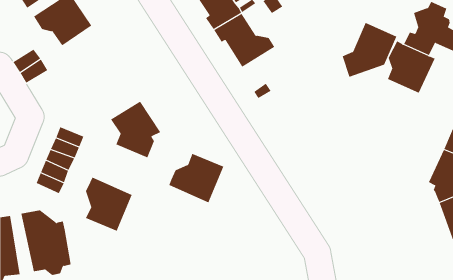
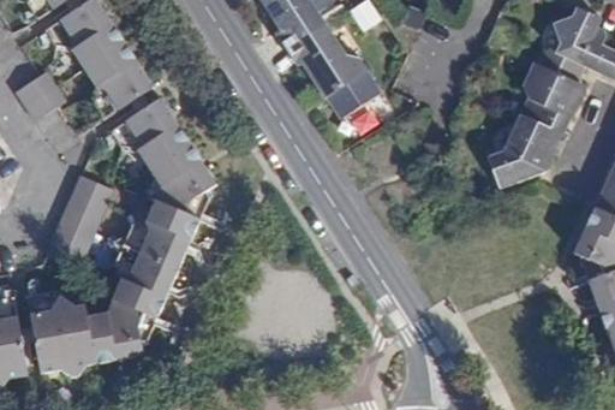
building: [342,22,397,78] -> [488,113,562,188]
building: none -> [83,41,154,119]
building: none -> [324,70,382,119]
building: none -> [109,97,189,167]
building: [169,153,224,203] -> [124,201,198,268]
building: none -> [88,299,157,362]

